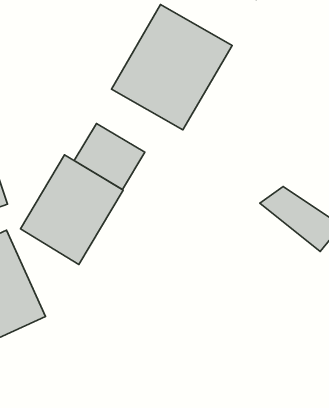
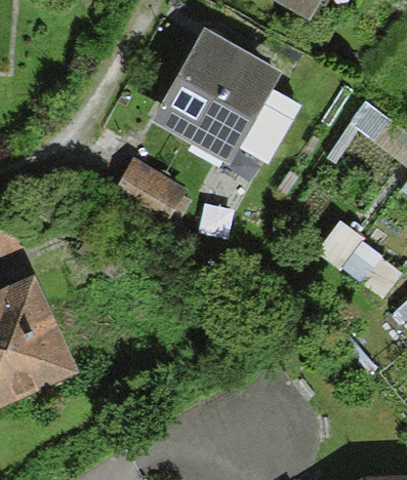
building: [20,155,123,264] -> none

